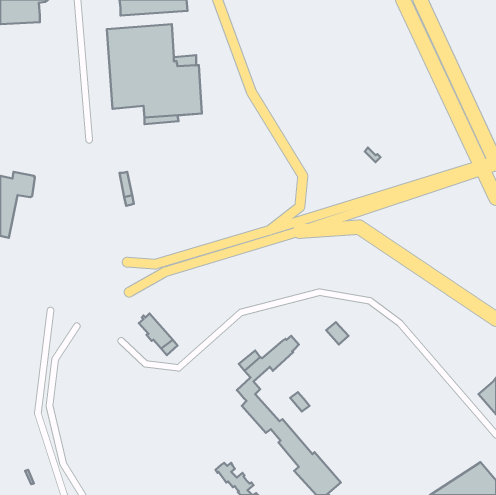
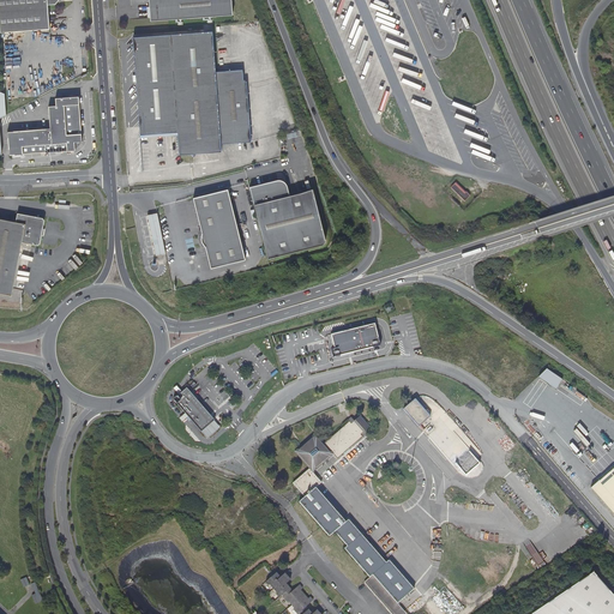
building: none -> [7,95,82,154]
building: none -> [249,181,326,257]
building: none -> [193,187,246,266]
building: none -> [331,323,380,356]

